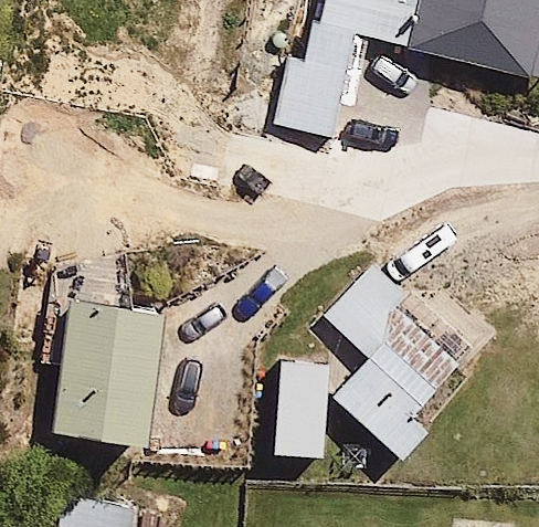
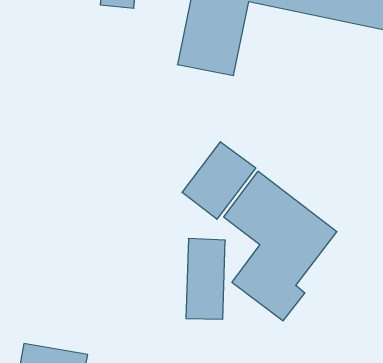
building: none -> [182,142,256,219]
building: [55,303,165,459] -> none

